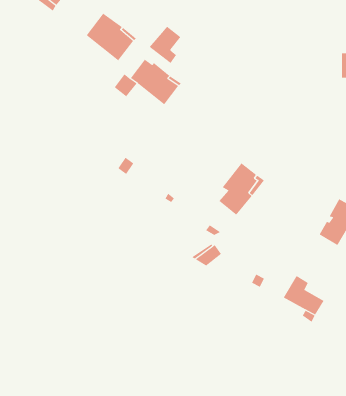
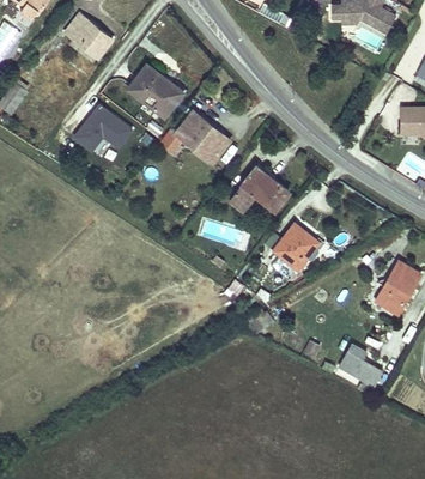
building: [149,26,181,64] -> none
building: none -> [74,104,133,151]
building: none -> [230,166,289,212]

